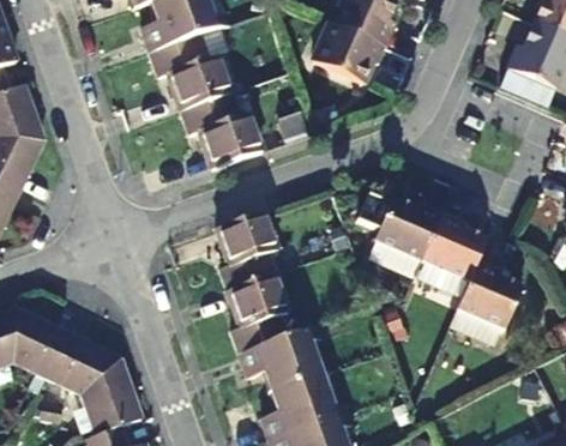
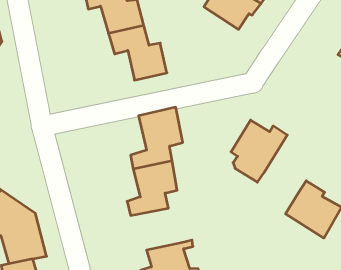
building: [417,212,487,288] -> none
building: [247,323,325,391] -> none

